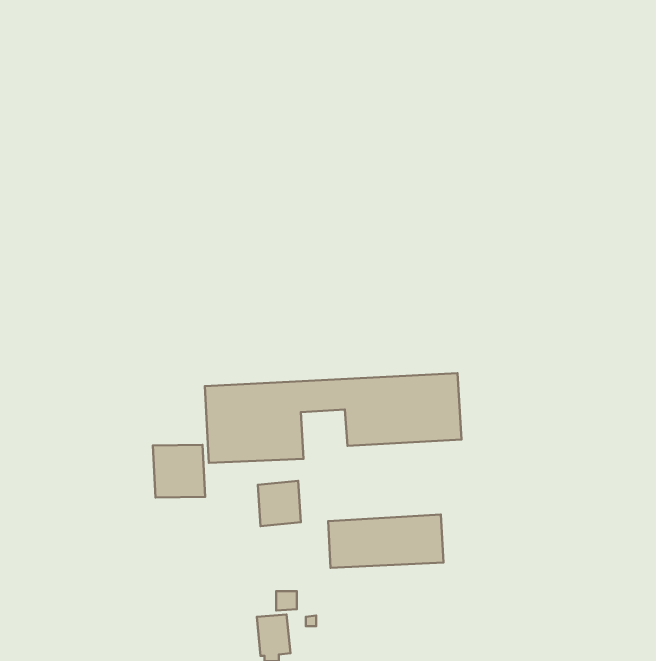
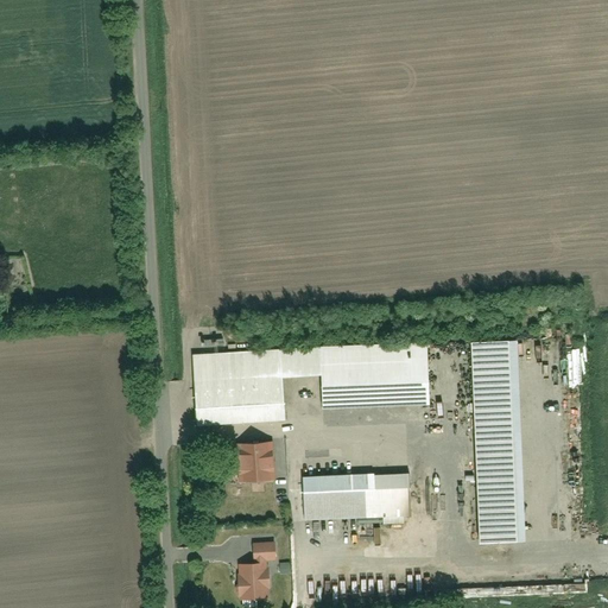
building: none -> [470,341,518,543]
building: [153,445,205,498] -> none

